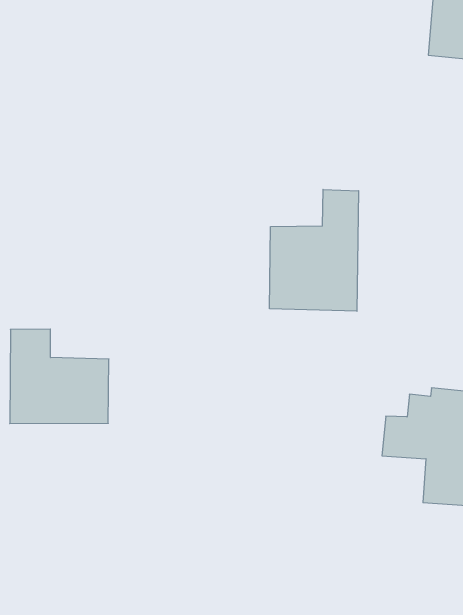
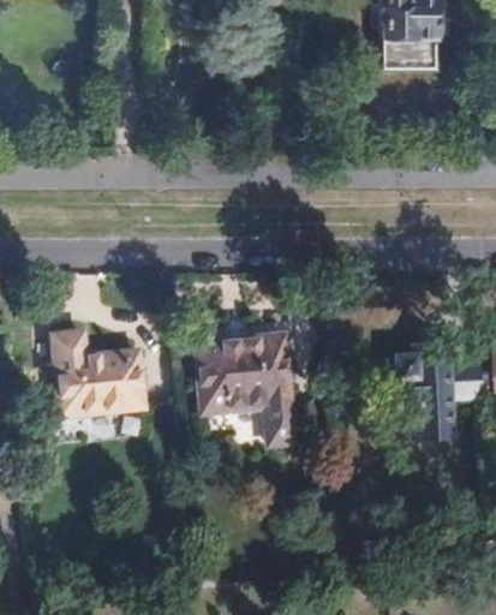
building: [270,189,359,311] -> none
building: none -> [199,338,294,443]

